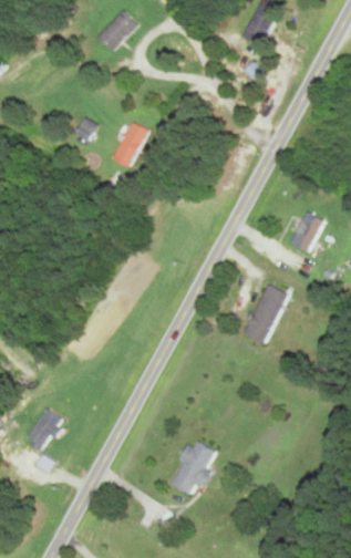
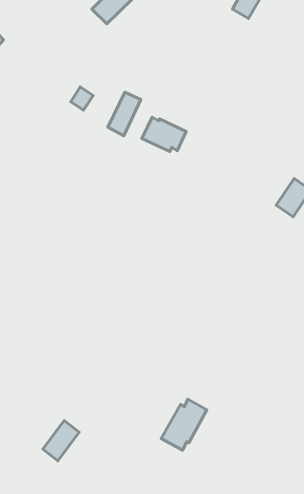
building: none -> [142,117,186,151]
building: [242,283,288,344] -> none
building: [25,409,63,451] -> [43,420,79,461]

